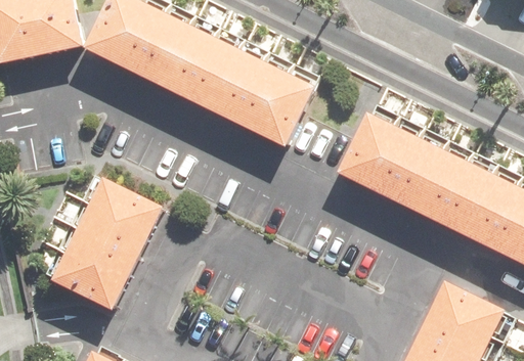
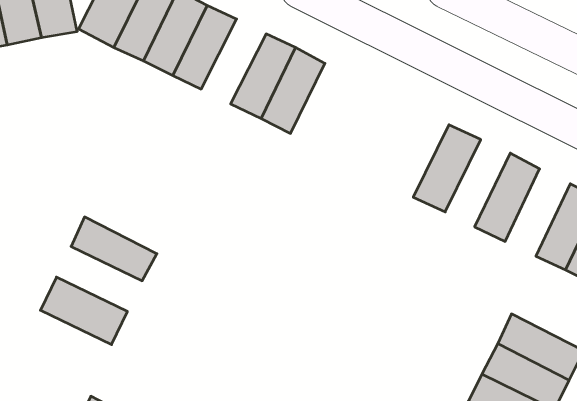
building: [184,37,238,107] -> none
building: [259,74,314,145] -> none
building: [335,111,391,185] -> none
building: [388,137,442,210] -> none
building: [438,162,492,234] -> none
building: [87,175,161,232] -> none
building: [63,226,135,280] -> none

